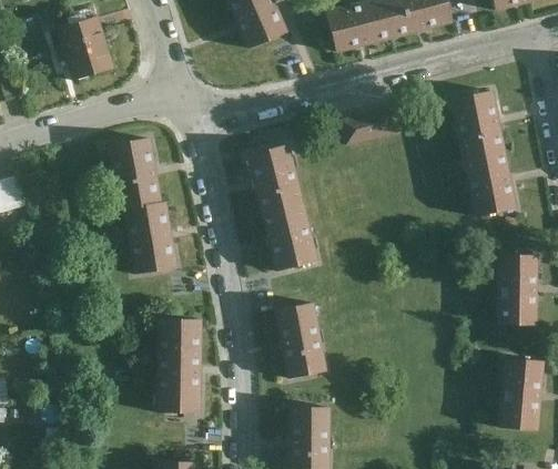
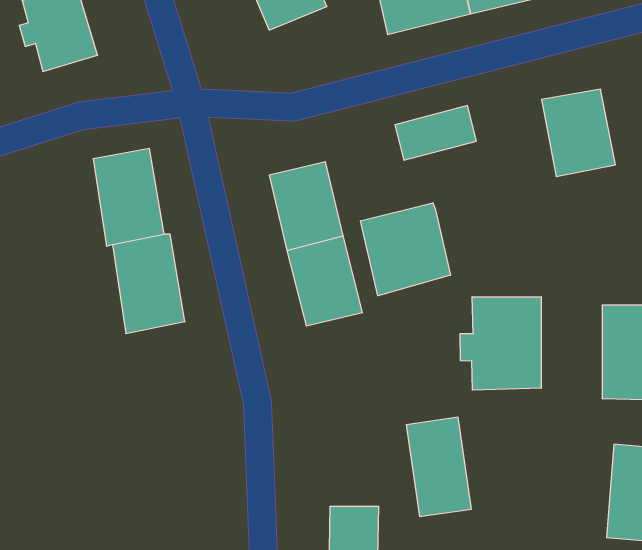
building: [460,150,516,216] -> none
building: none -> [361,203,451,296]
building: none -> [460,297,541,390]
building: [274,300,323,375] -> [406,417,471,516]
building: [161,317,203,419] -> none

